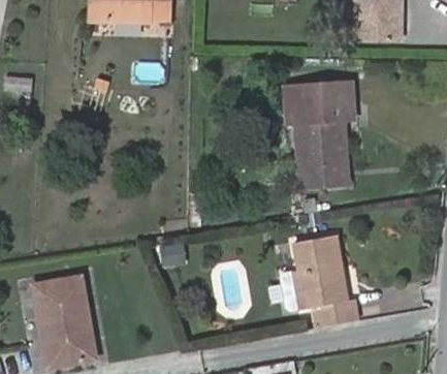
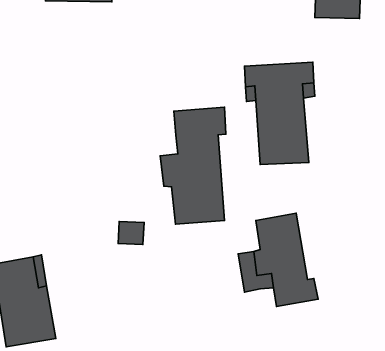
building: none -> [160,107,226,224]

